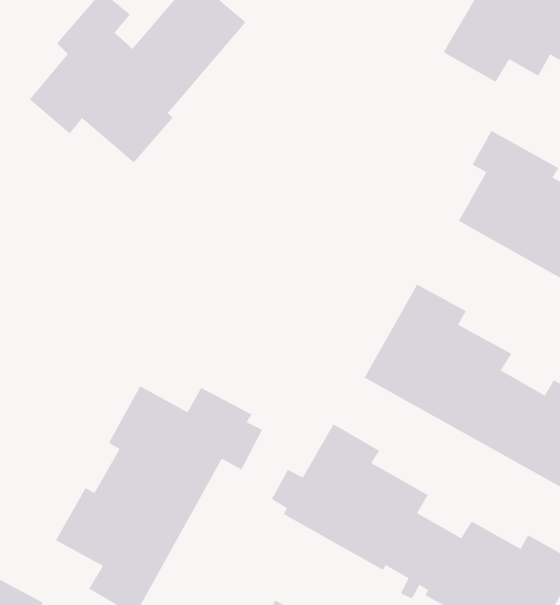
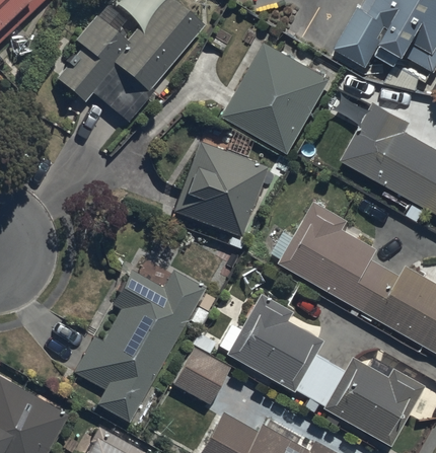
building: none -> [223,43,333,156]
building: none -> [172,144,266,238]
building: none -> [172,332,229,405]

